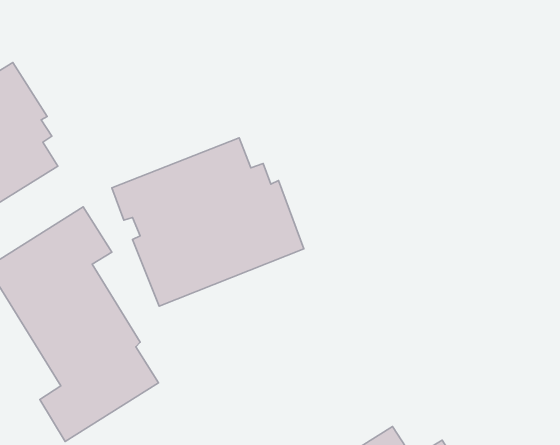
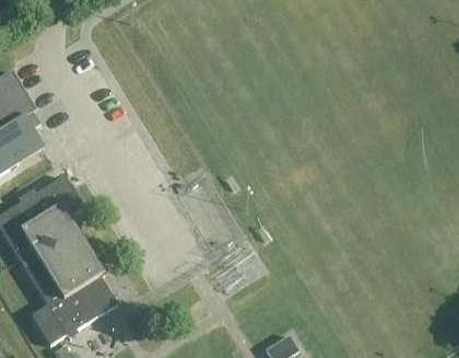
building: [112,138,304,306] -> none

